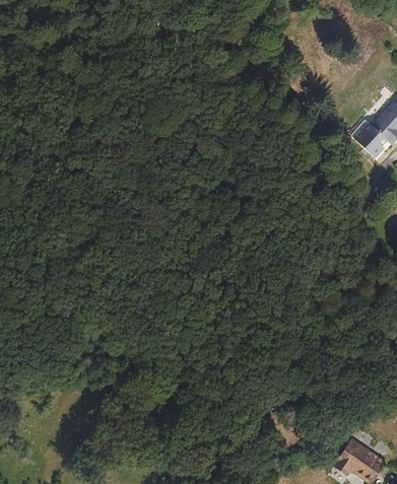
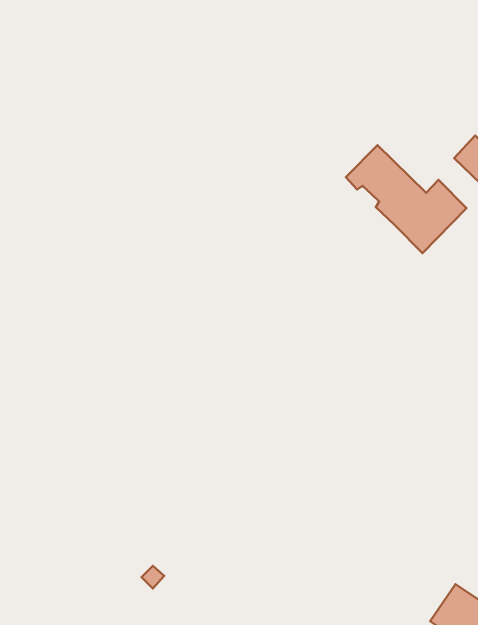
building: none -> [346,145,467,253]

